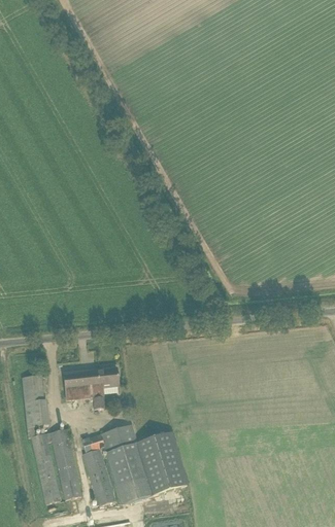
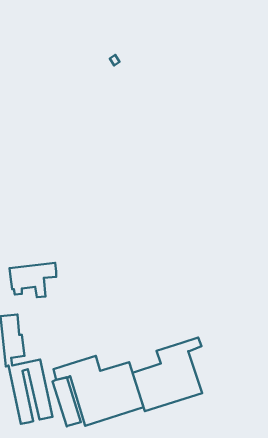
building: [63,367,118,408] -> [9,263,56,297]
building: none -> [133,338,202,411]

